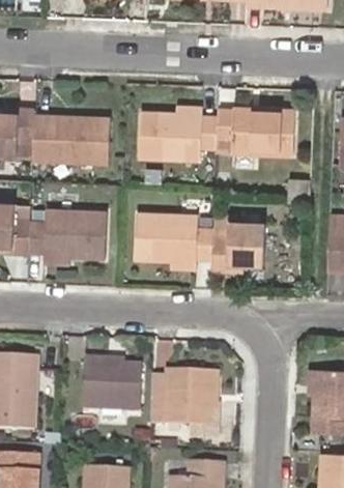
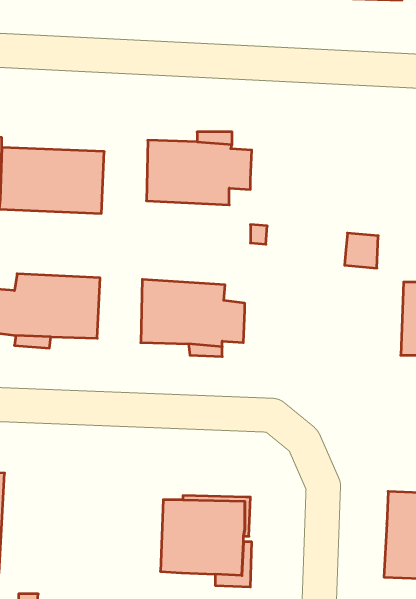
building: [217,106,294,154] -> none
building: [211,222,264,270] -> none
building: [82,356,140,407] -> none

